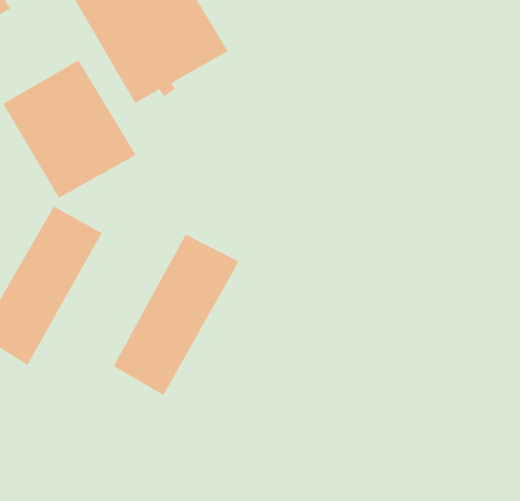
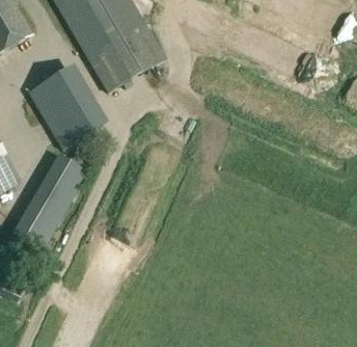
building: [113,234,239,396] -> none

